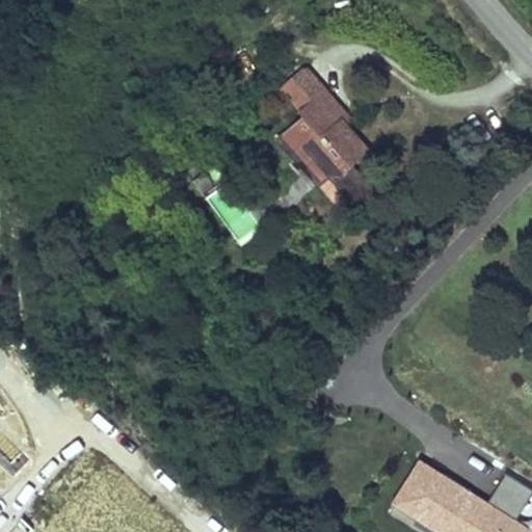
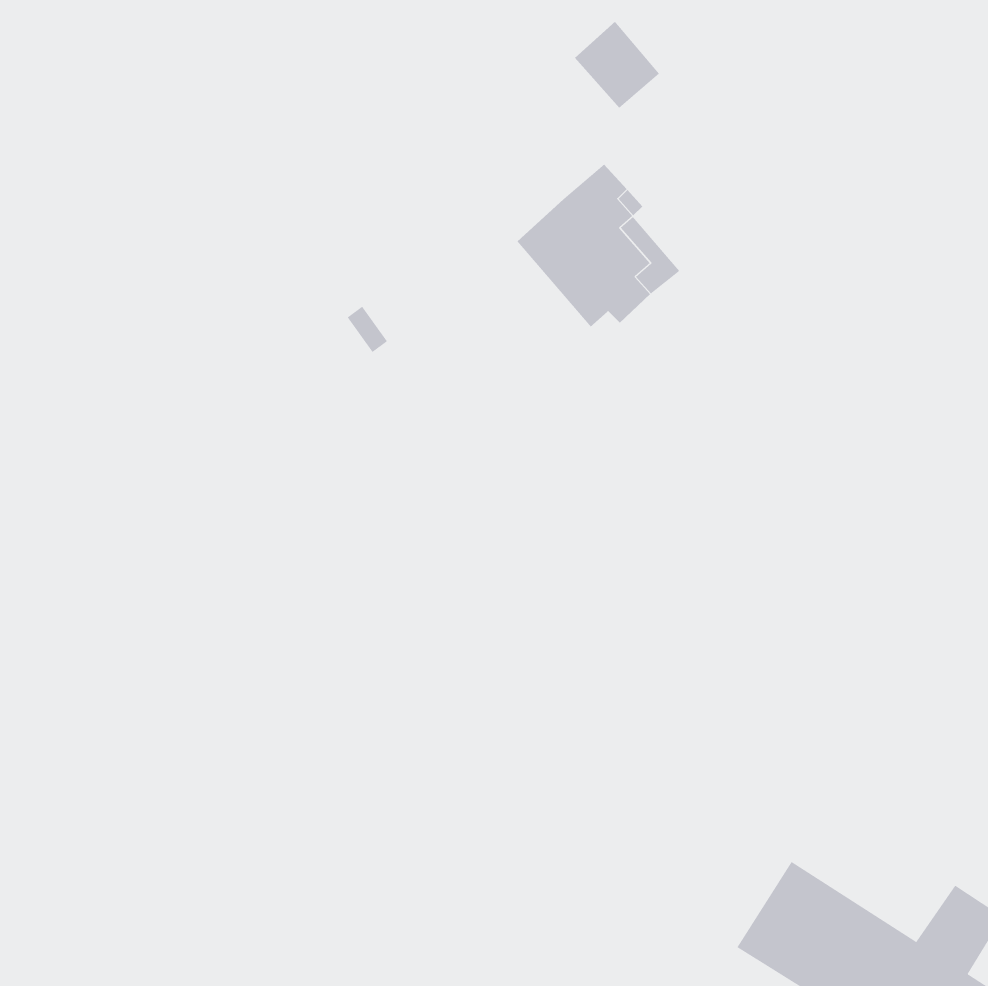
building: [281,64,326,111] -> [574,21,660,109]

